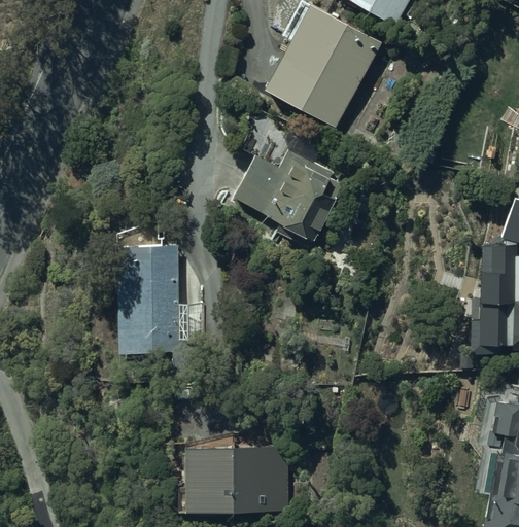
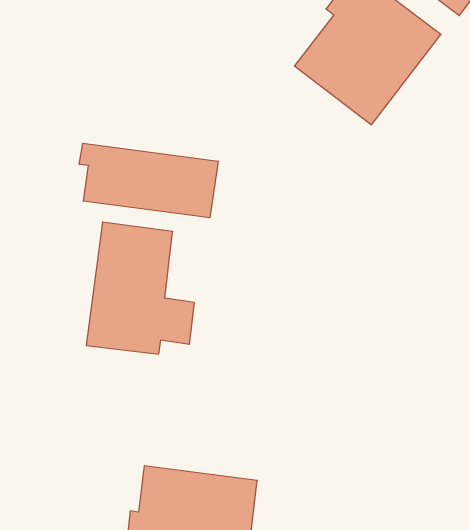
building: [230,114,345,243] -> none
building: none -> [79,143,218,218]

